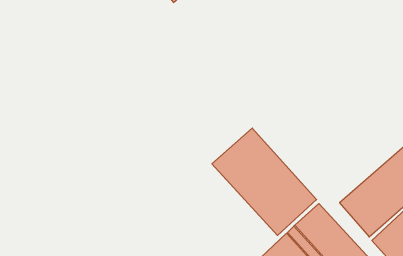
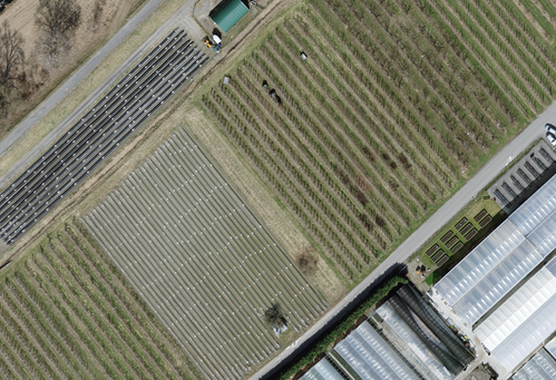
building: [212,128,317,235] -> none

